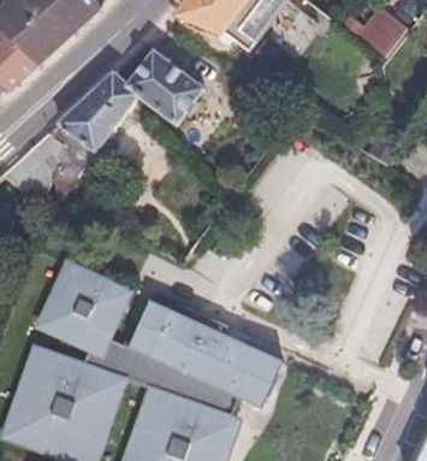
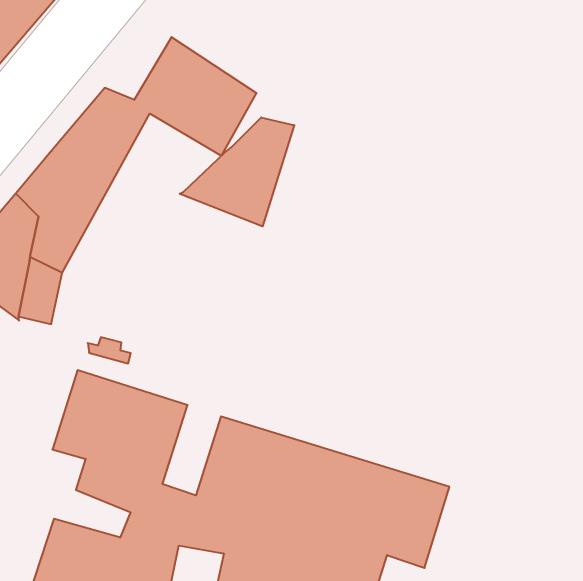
building: none -> [180,117,294,226]

